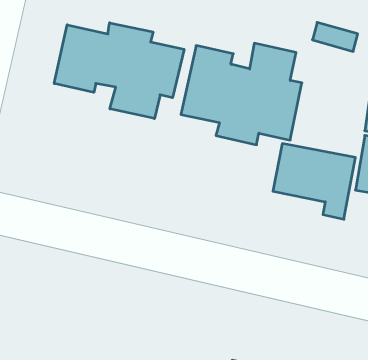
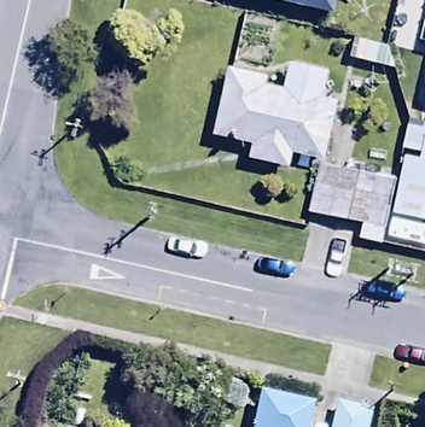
building: [54,23,184,119] -> none

